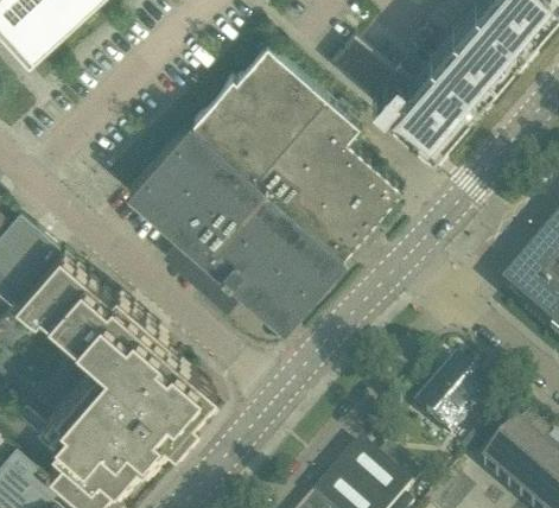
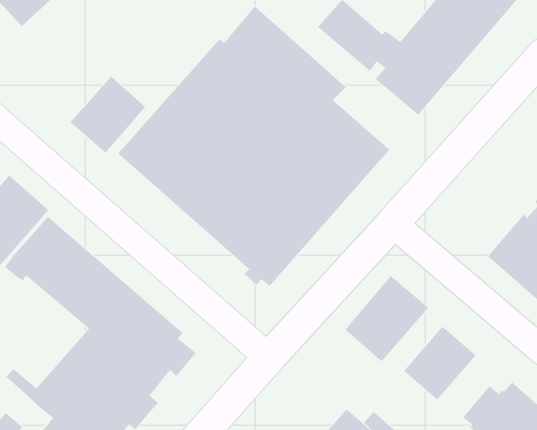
building: none -> [70,76,146,153]
building: none -> [344,275,429,362]

